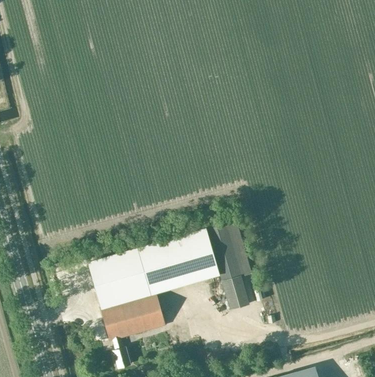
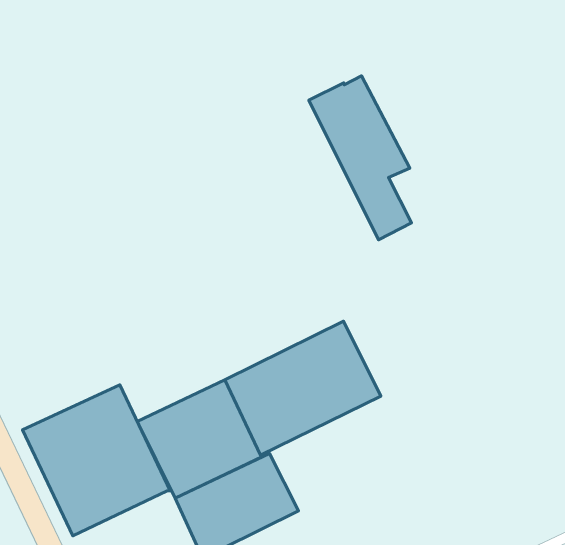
building: [206,221,253,309] -> [309,76,412,240]
building: none -> [22,385,170,536]

